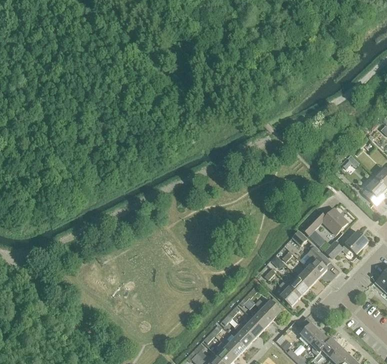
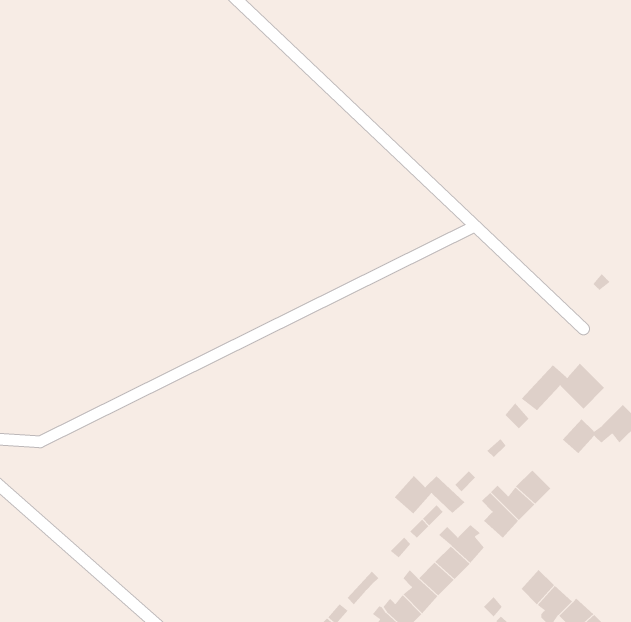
building: [302,243,329,278] -> none
building: none -> [394,475,465,515]

